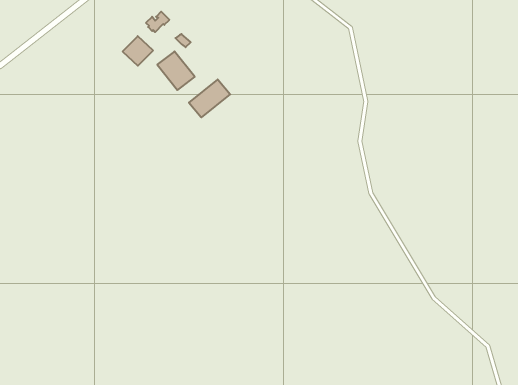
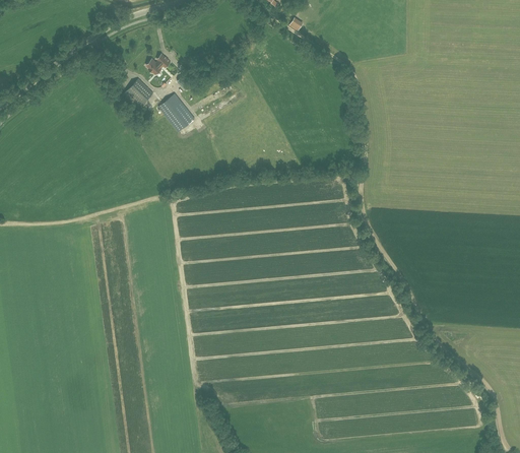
building: [189,79,230,117] -> none

